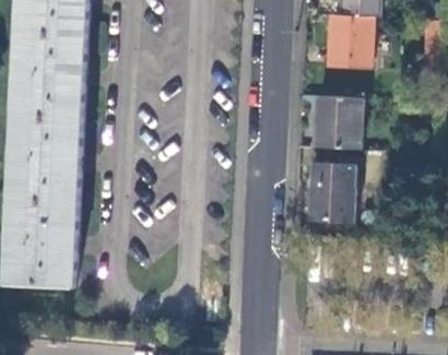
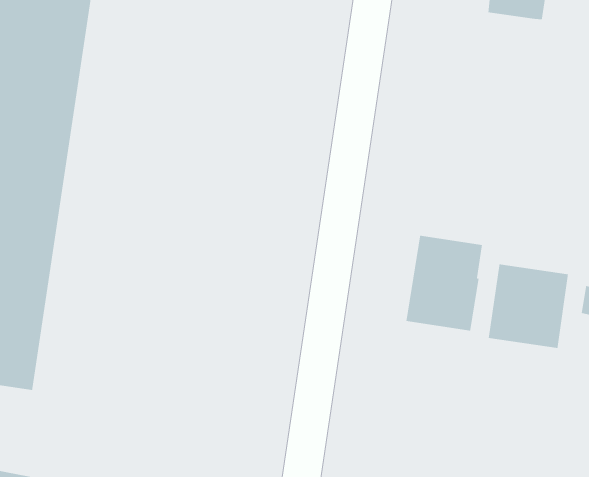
building: [329,15,373,69] -> none
building: [315,97,363,149] -> [488,263,569,349]

